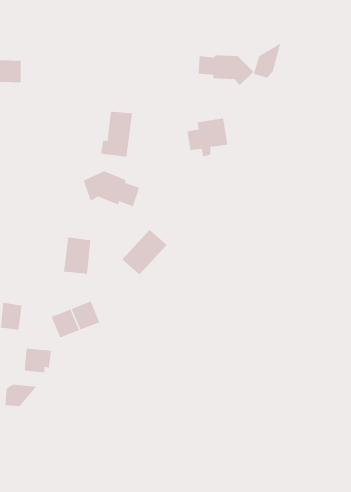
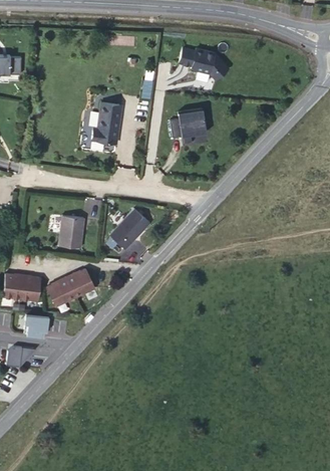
building: [253,42,281,78] -> none
building: [83,170,140,207] -> none
building: none -> [19,276,39,300]

